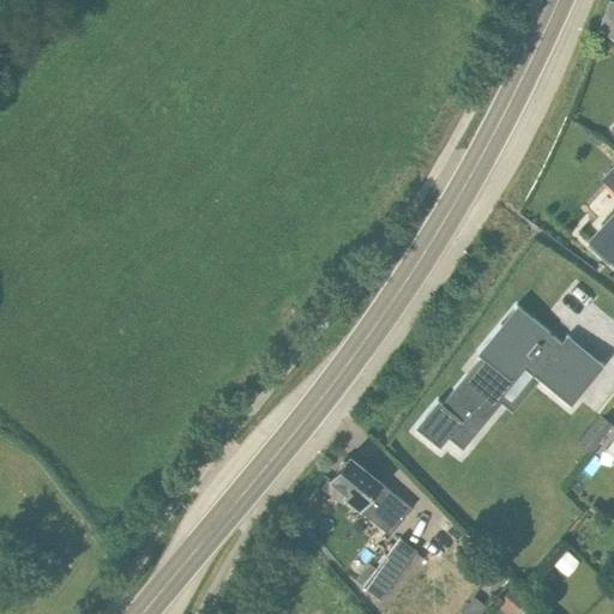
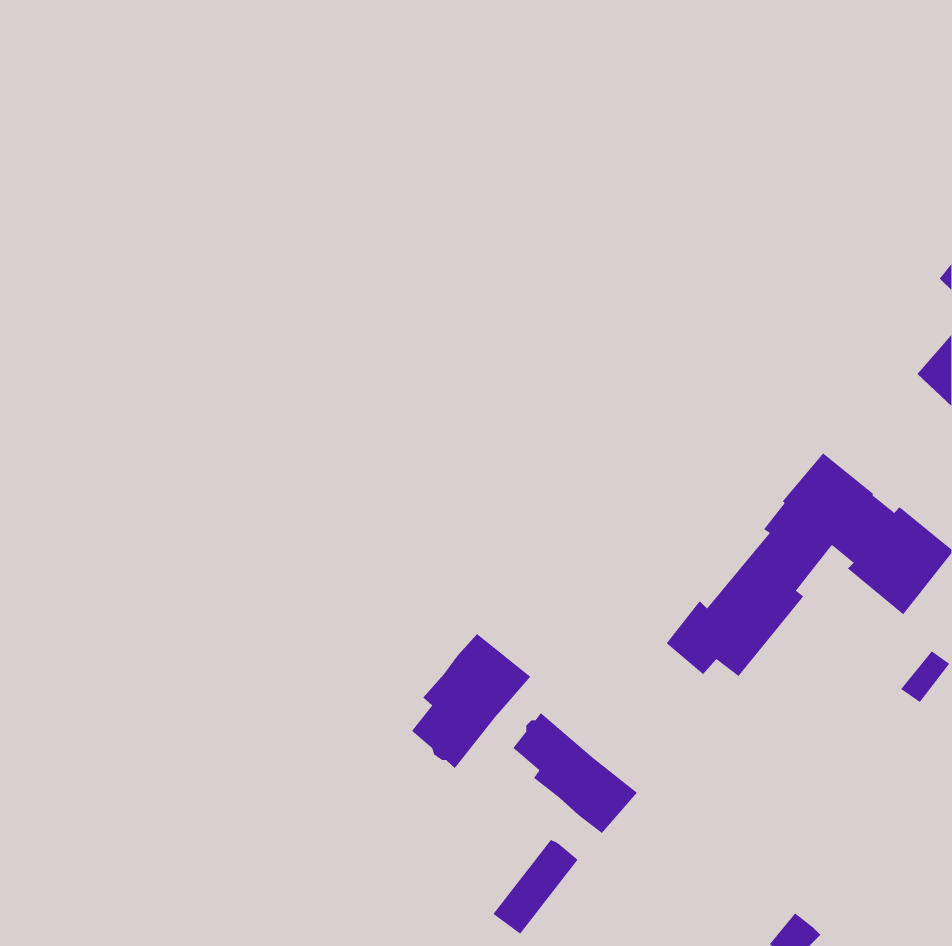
building: none -> [411,633,531,769]
building: [360,546,415,607] -> [493,839,579,935]

